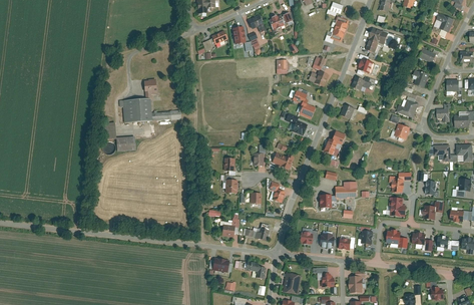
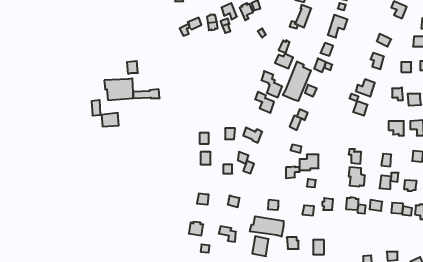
building: none -> [283,61,311,101]
building: none -> [250,216,284,237]

